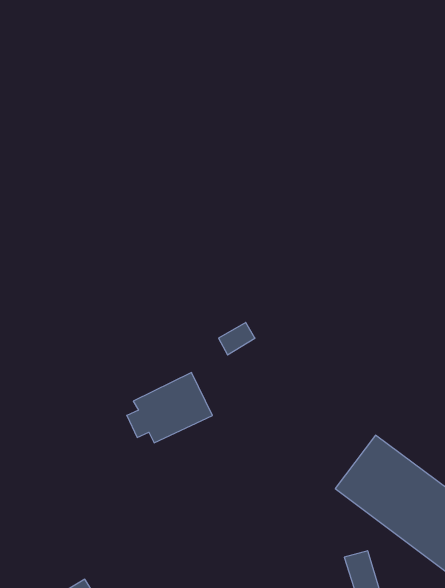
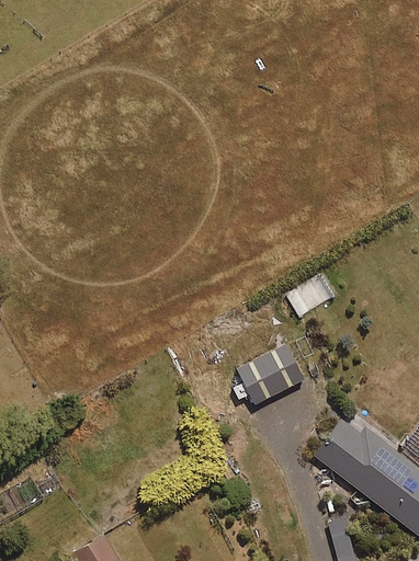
building: none -> [286,274,333,316]
building: [127,373,212,443] -> [231,344,304,403]

